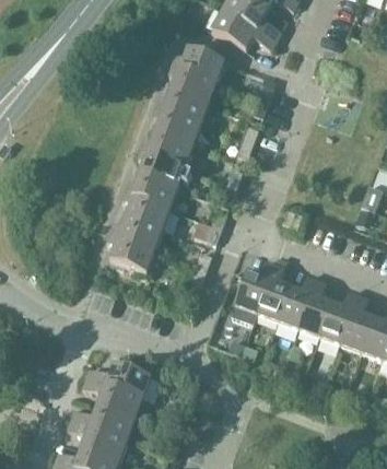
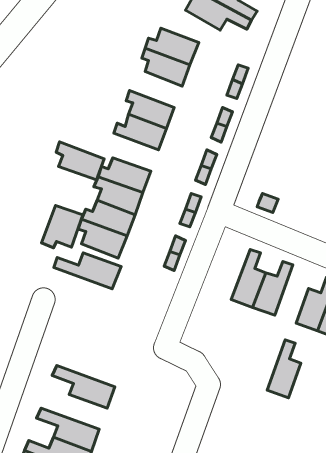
building: [157,90,209,125] -> none
building: [139,150,186,187] -> [56,142,104,180]
building: none -> [42,205,83,248]
building: [235,259,275,313] -> none
building: [300,279,332,336] -> [267,340,301,398]
building: [86,363,152,398] -> [54,253,121,289]
building: [71,406,136,439] -> none

